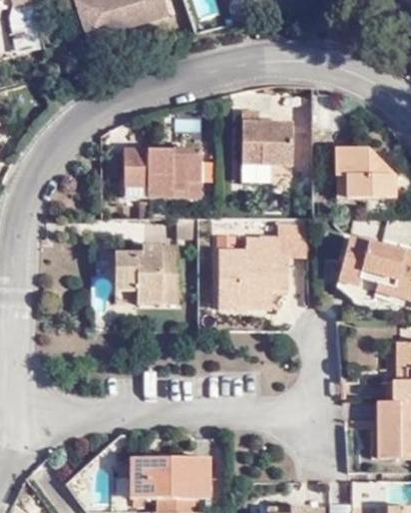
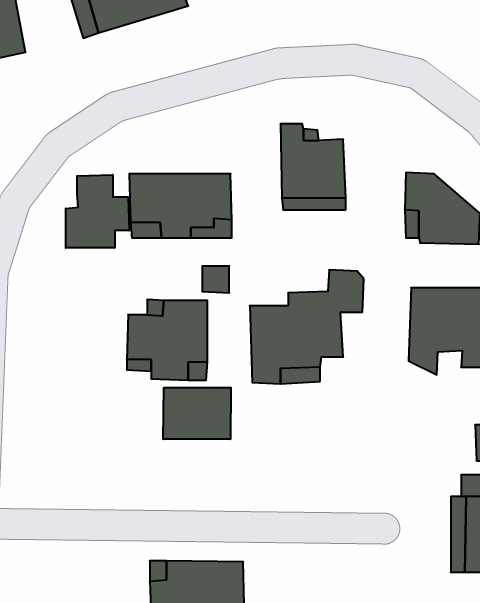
building: none -> [66,175,129,248]
building: none -> [163,388,231,439]

